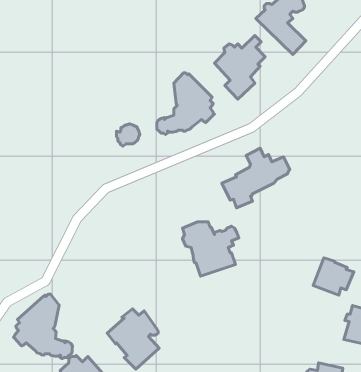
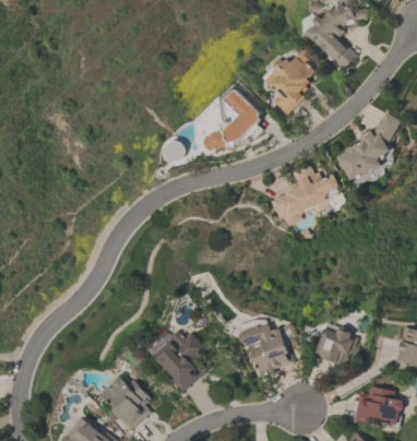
building: none -> [336,111,403,183]
building: [183,222,239,276] -> [239,319,297,374]
building: [313,258,354,295] -> [315,323,357,361]
building: [13,294,73,358] -> none

